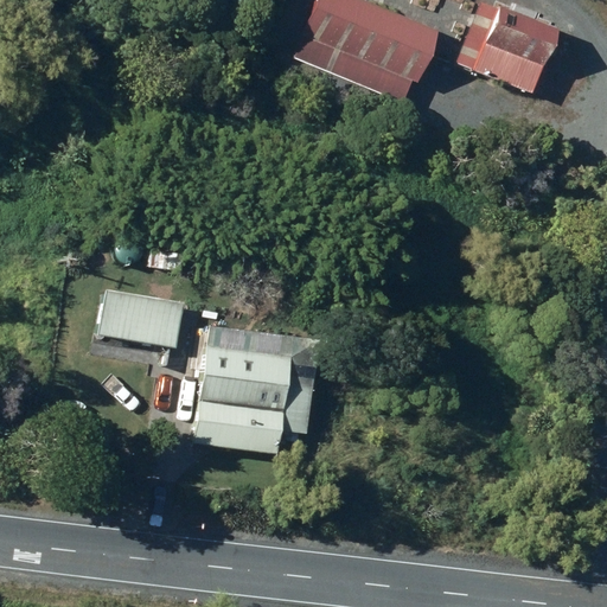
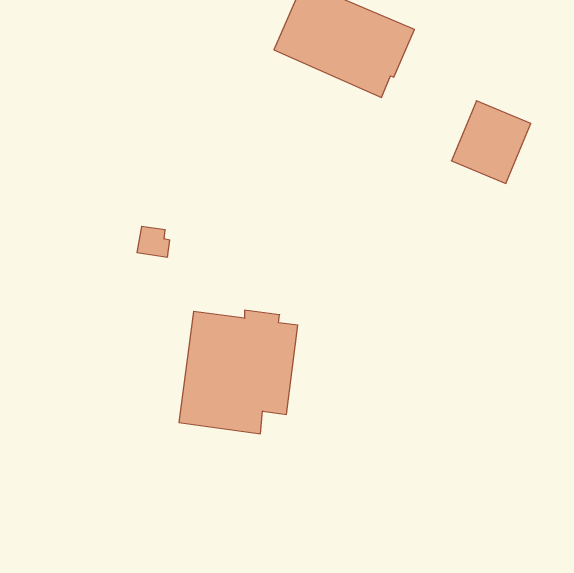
building: [473,5,556,91] -> [451,101,531,183]
building: [97,289,181,346] -> none

